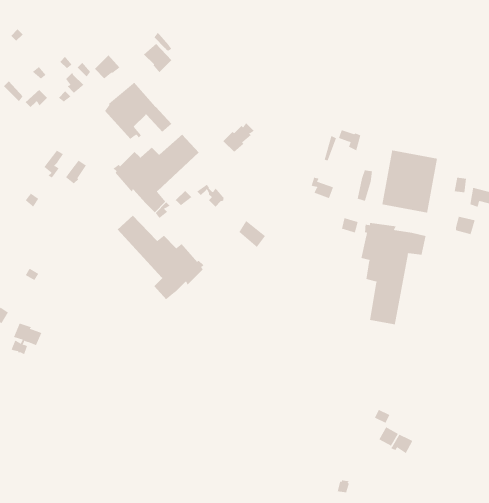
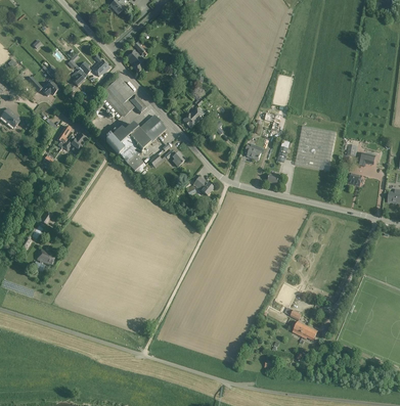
building: [117,215,205,300] -> none
building: [361,222,426,325] -> none

